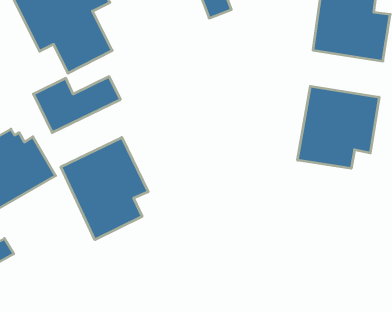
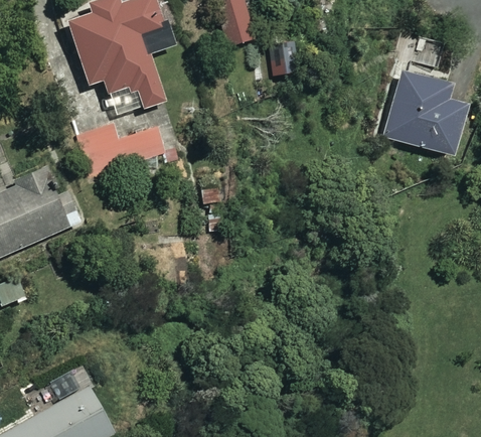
building: [298,86,379,168] -> none
building: [61,137,148,240] -> none

